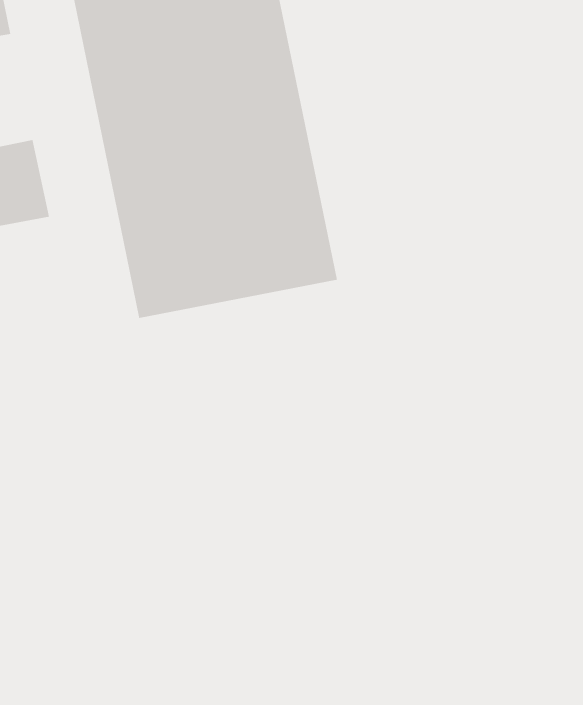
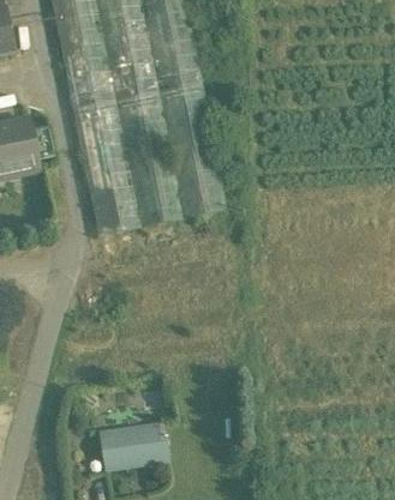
building: none -> [104,422,167,464]

